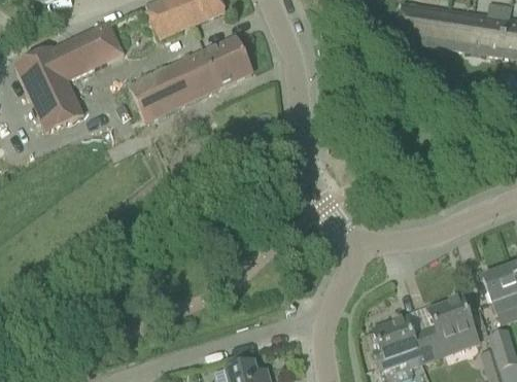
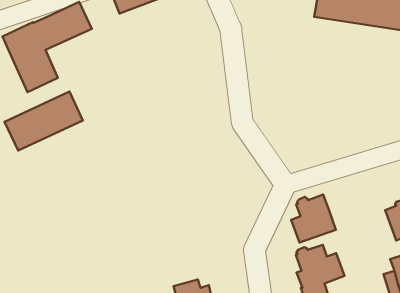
building: [130,36,252,121] -> none
building: none -> [4,91,83,150]
building: [423,297,478,355] -> [291,194,336,242]

